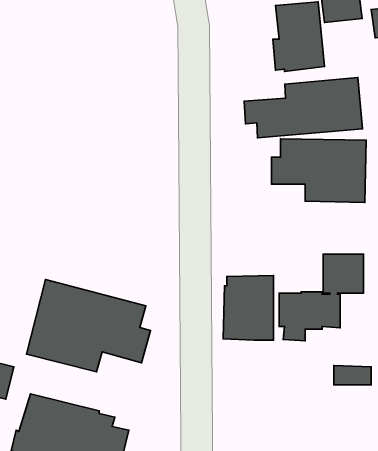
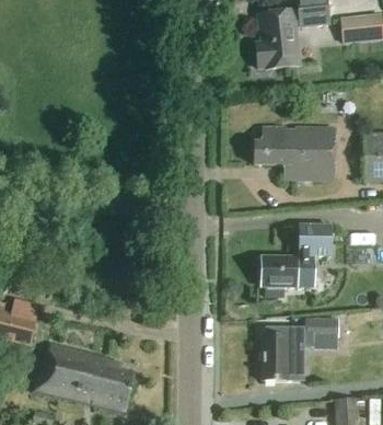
building: [244,77,363,138] -> none
building: [223,275,274,340] -> [262,326,304,381]
building: [26,280,151,372] -> none

